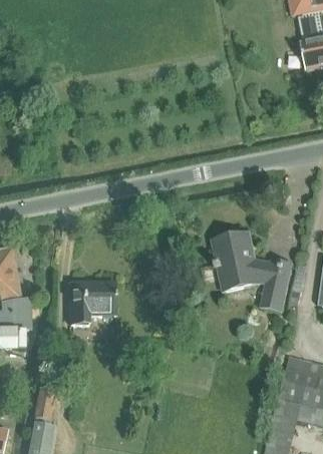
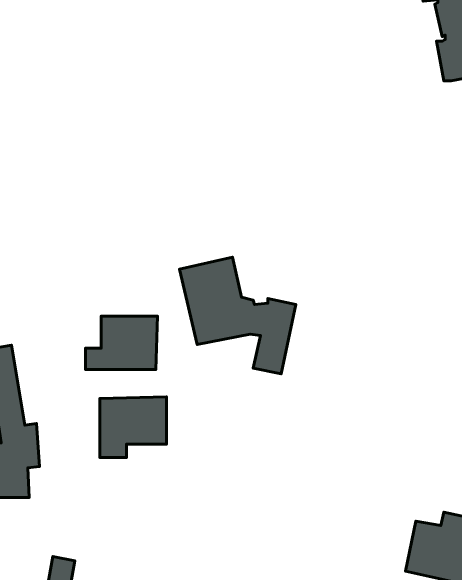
building: none -> [85,316,158,369]
building: [212,232,291,311] -> [179,257,296,374]

